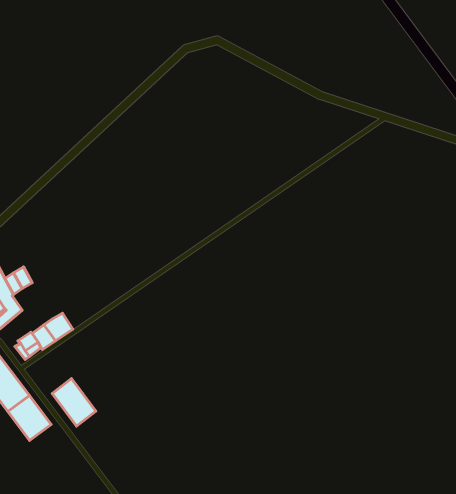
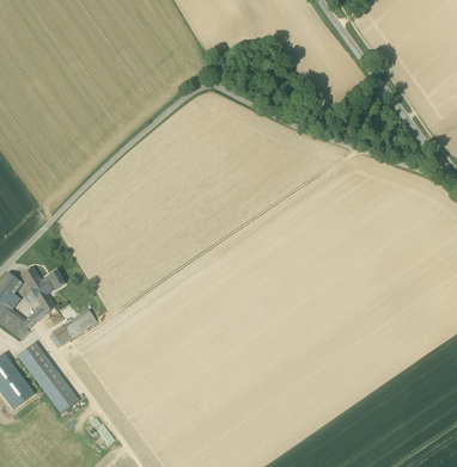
building: [52,379,96,426] -> none

